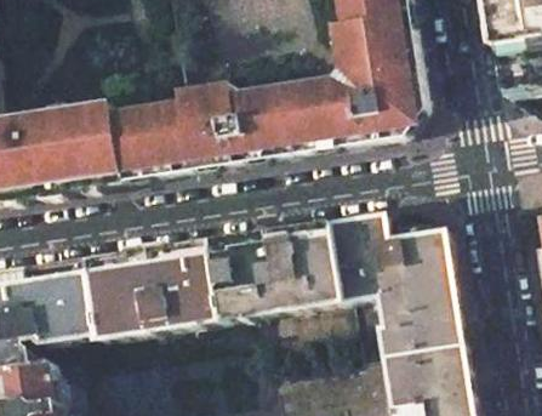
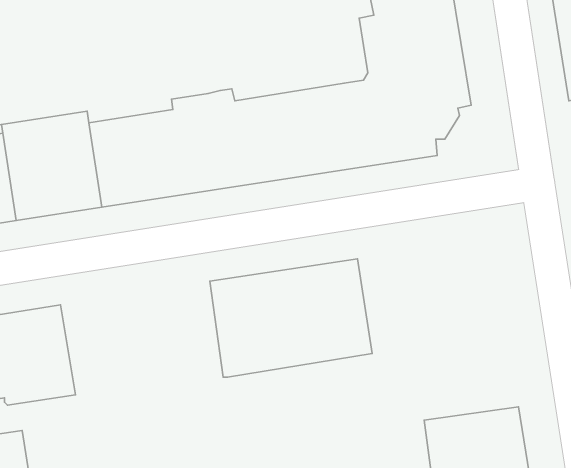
building: [329,209,461,354] -> none
building: [85,240,218,338] -> none

